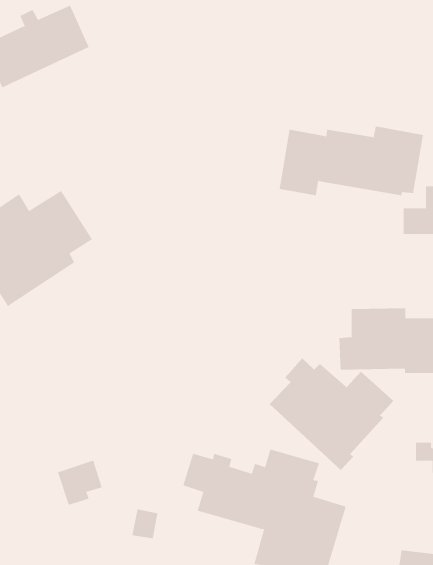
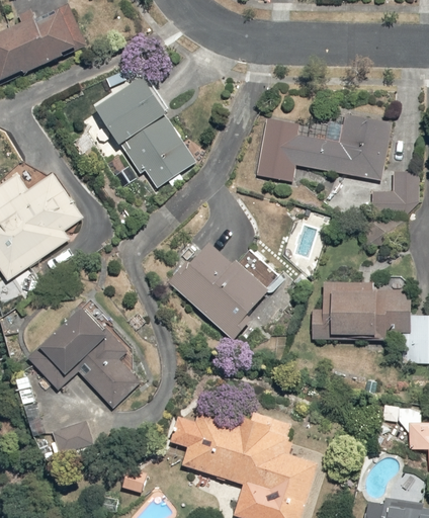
building: none -> [97,76,194,188]
building: none -> [28,309,143,410]
building: [269,358,394,471] -> [166,238,280,341]

